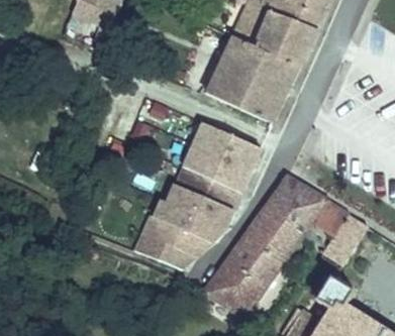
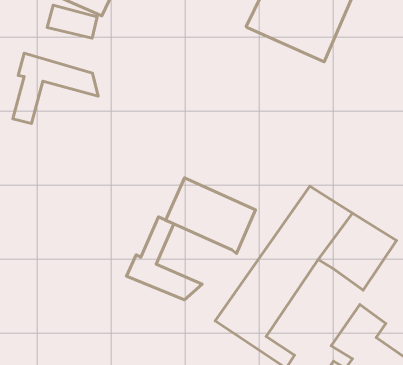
building: [207,36,299,122] -> none
building: none -> [13,53,98,123]
building: [184,122,261,192] -> none
building: [156,204,220,255] -> none

